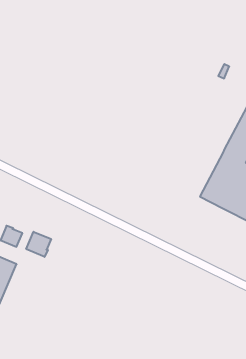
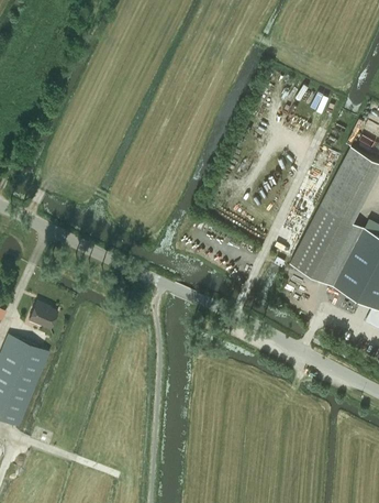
building: [26,232,51,257] -> none

